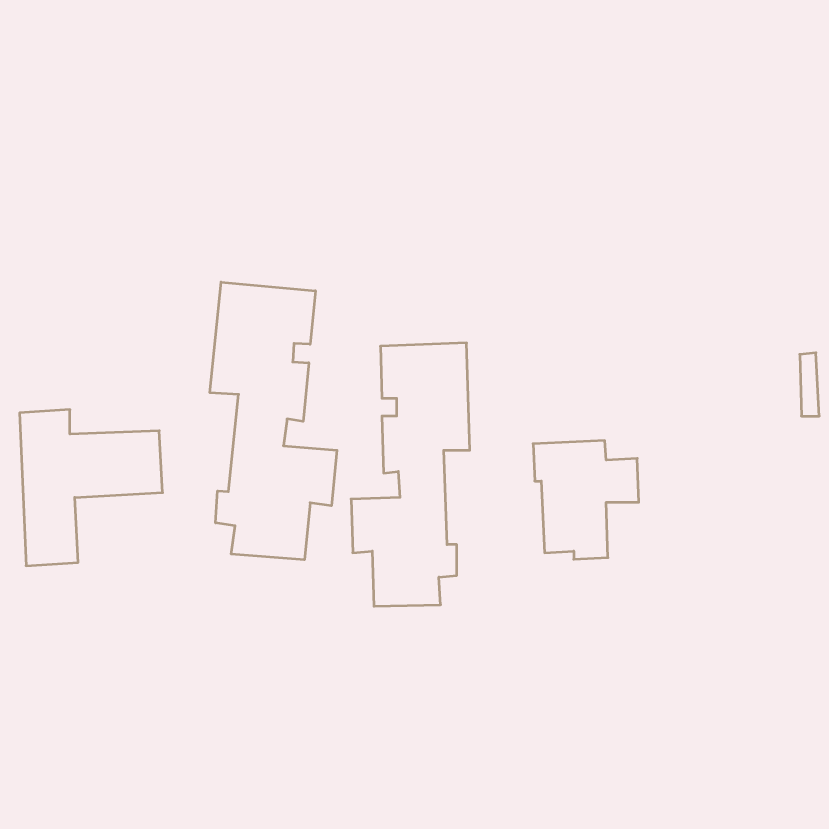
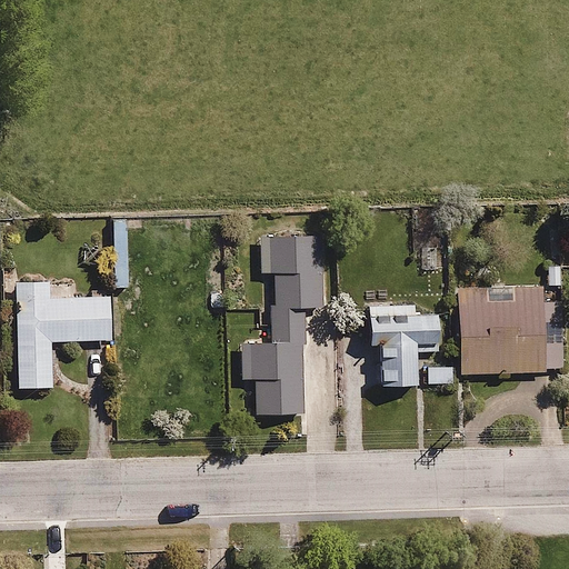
building: [210,282,337,560] -> none
building: none -> [457,286,563,375]

